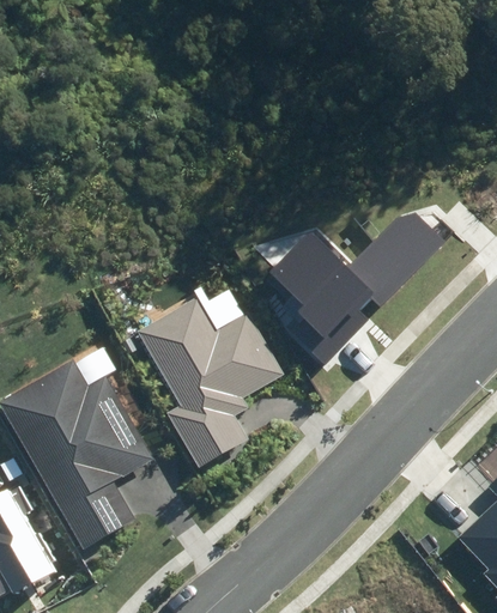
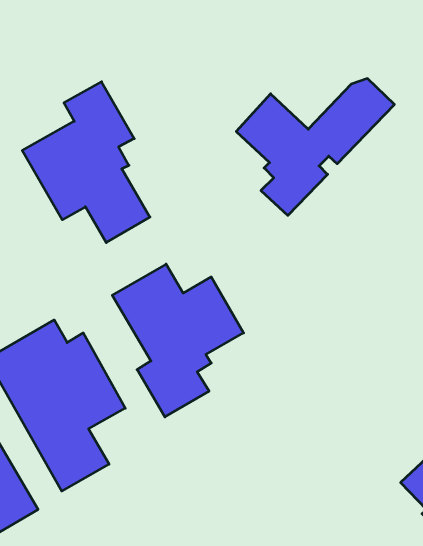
building: none -> [22,82,150,243]
building: [268,212,444,364] -> [236,79,394,215]

